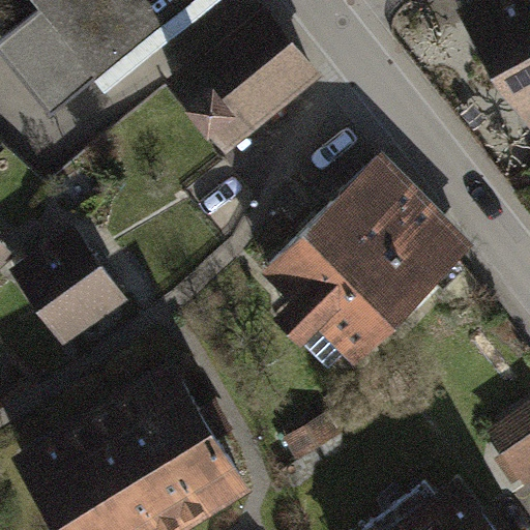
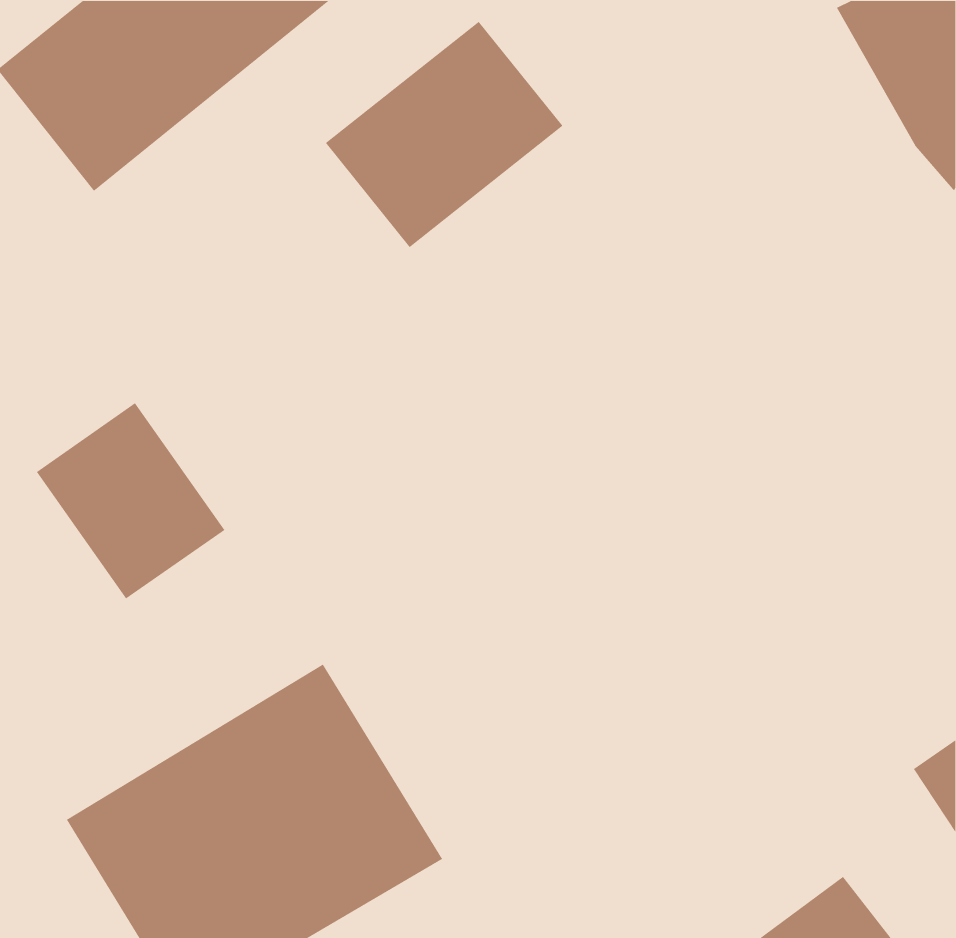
building: [281,171,460,348] -> none

